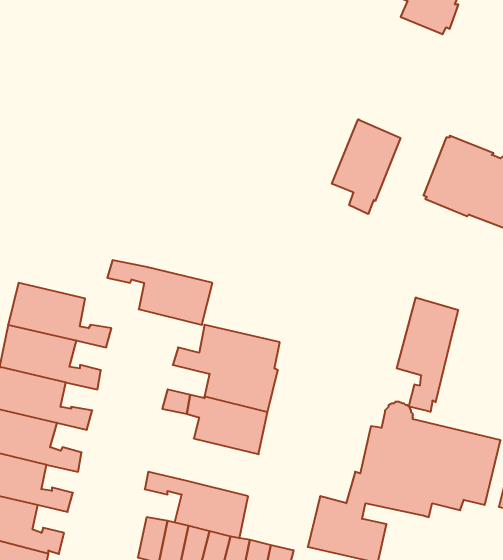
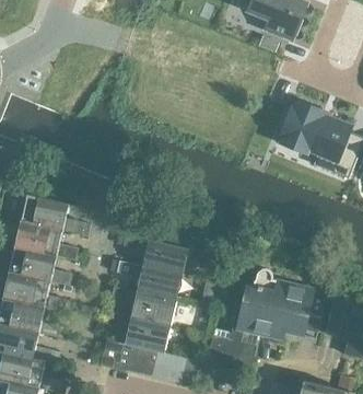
building: [332,119,400,214] -> none
building: [107,260,212,325] -> [110,287,176,327]
building: [397,297,458,412] -> none

